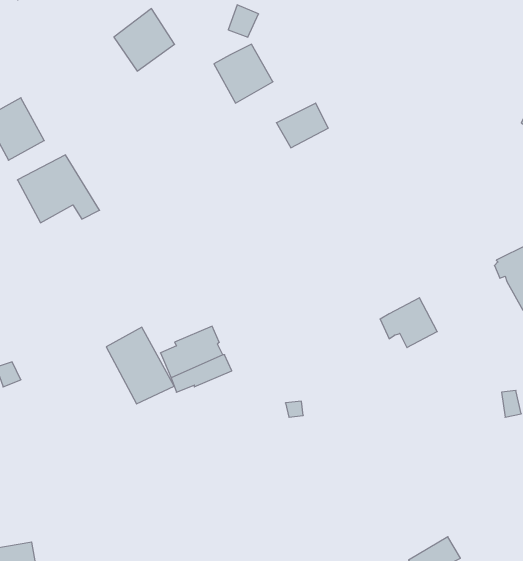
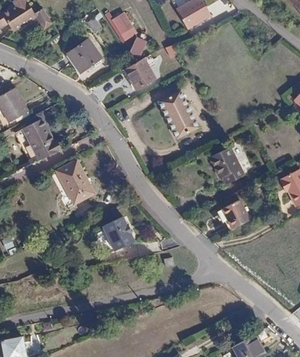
building: none -> [166,105,198,137]
building: none -> [209,147,244,184]
building: [106,327,174,404] -> [56,160,94,203]

